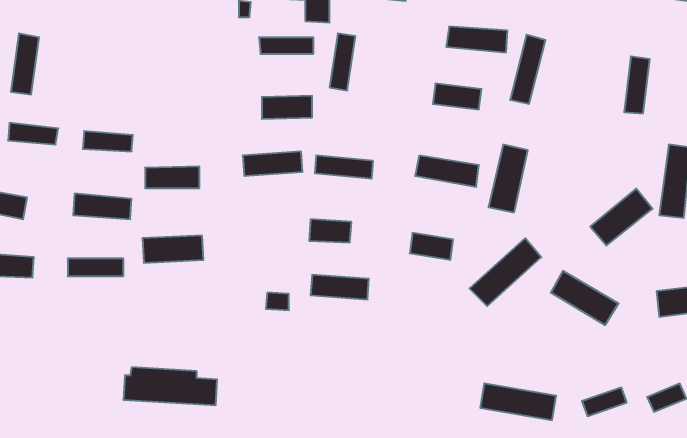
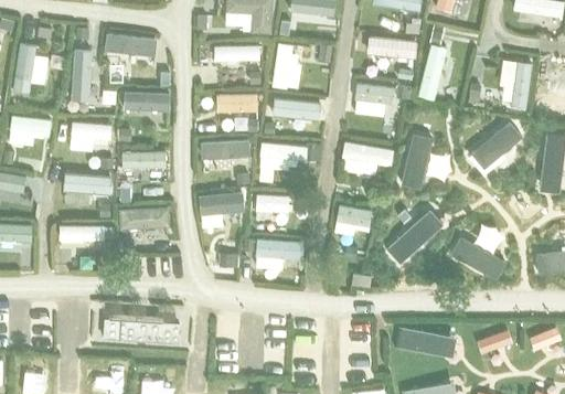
building: none -> [104,33,157,56]
building: none -> [71,50,92,102]
building: none -> [124,92,170,111]
building: none -> [273,98,321,120]
building: [590,189,653,246] -> [471,121,522,168]
building: none -> [198,191,244,215]

